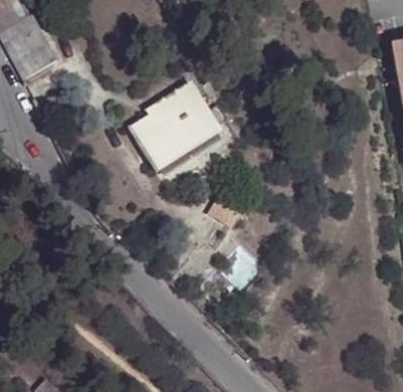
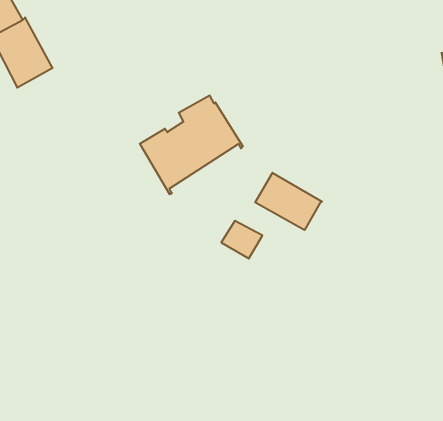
building: none -> [255,173,322,230]

